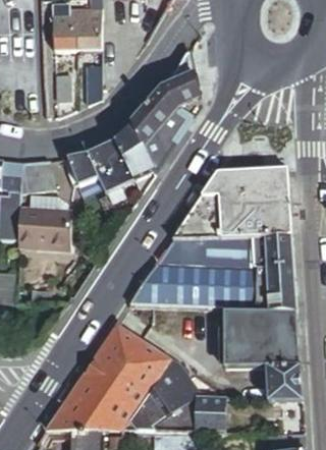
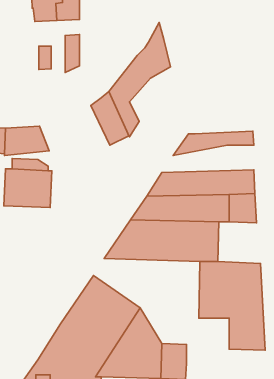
building: [67,137,135,193] -> none
building: [192,180,290,210] -> none
building: [252,263,297,307] -> none

